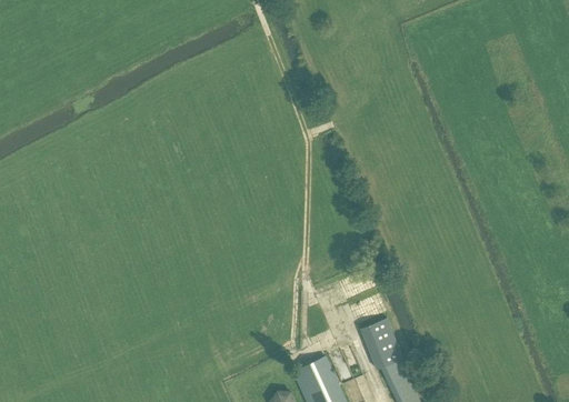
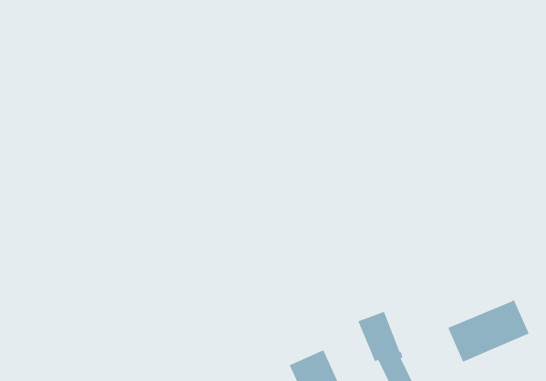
building: none -> [448,299,530,363]

